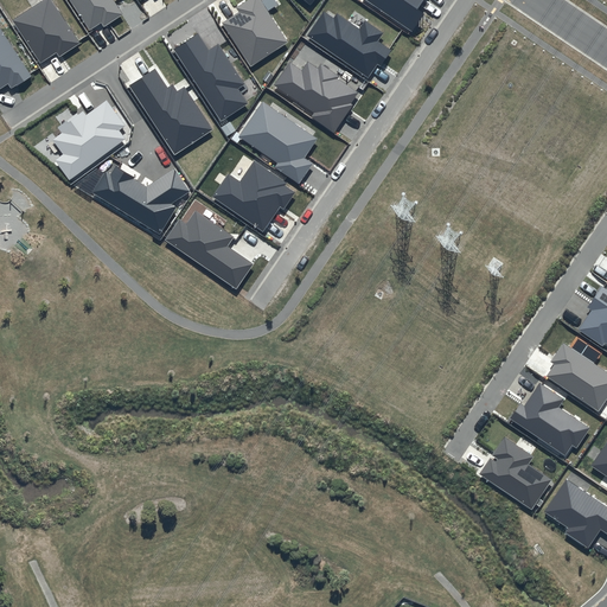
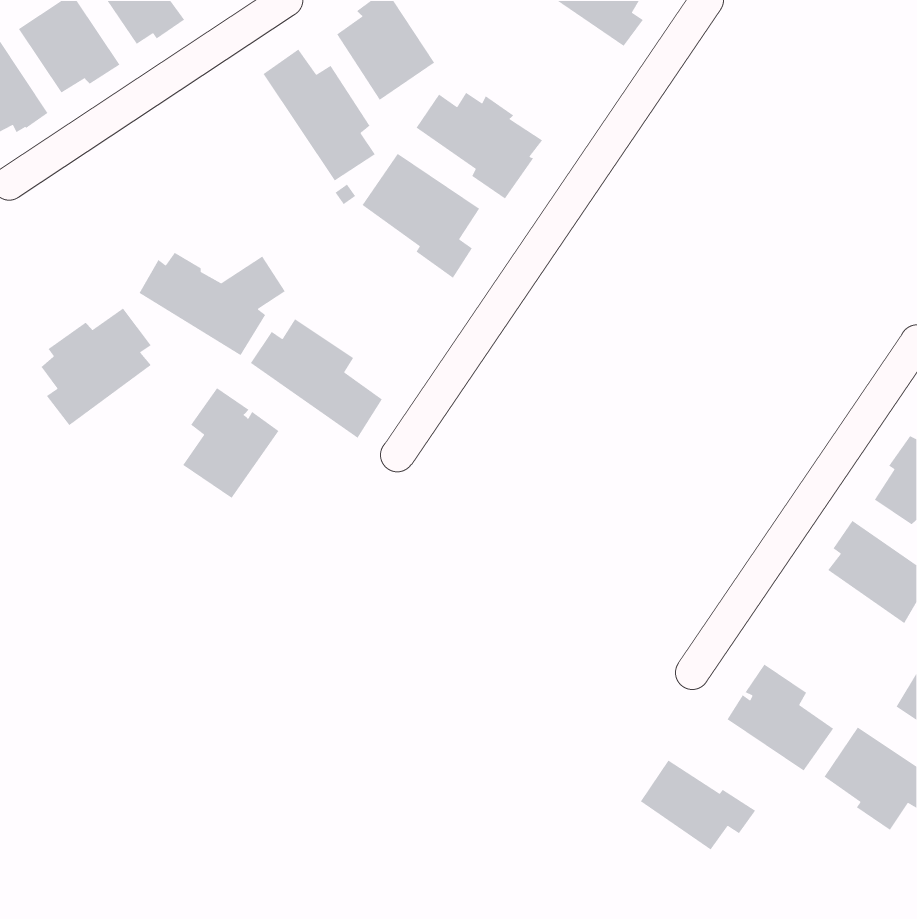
building: [306,11,391,77] -> none
building: [128,68,212,154] -> none
building: [51,101,124,179] -> [40,308,152,426]
building: [212,160,294,230] -> none
building: none -> [182,387,279,499]
building: [510,382,589,454] -> none
building: none -> [640,760,756,851]

